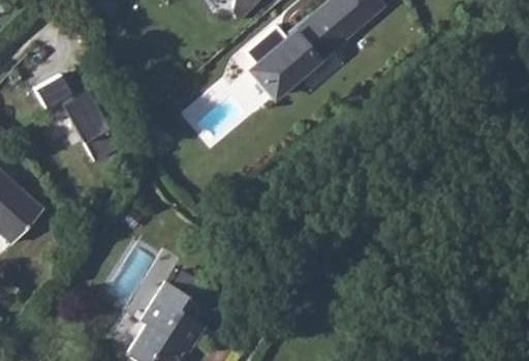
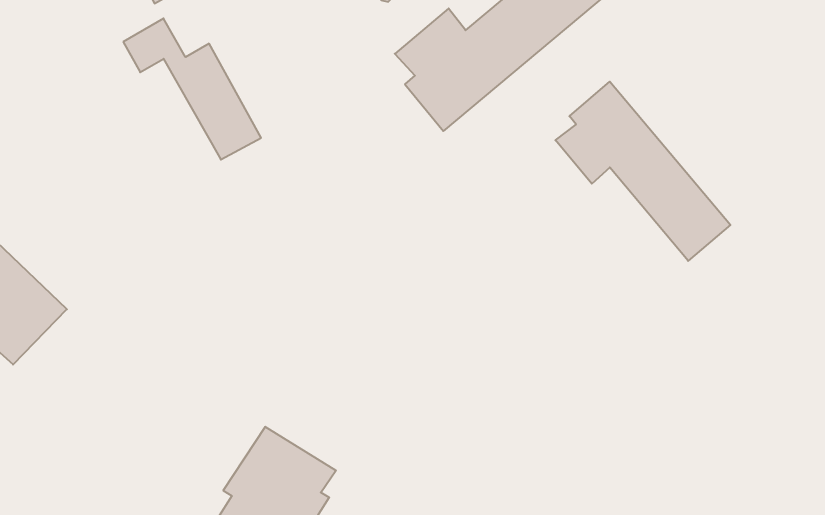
building: none -> [555,82,730,261]
building: [33,72,118,159] -> [123,18,261,160]

